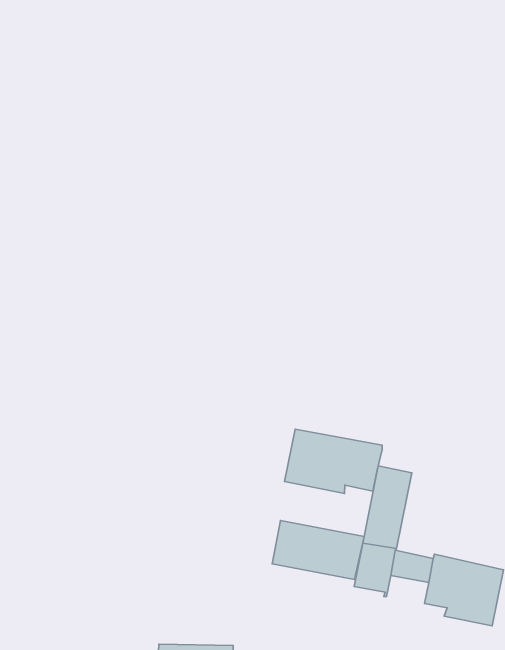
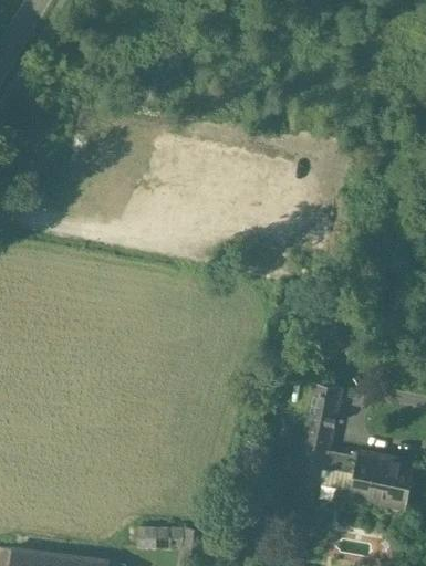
building: [284,429,382,493] -> none
building: [272,520,364,579] -> none

